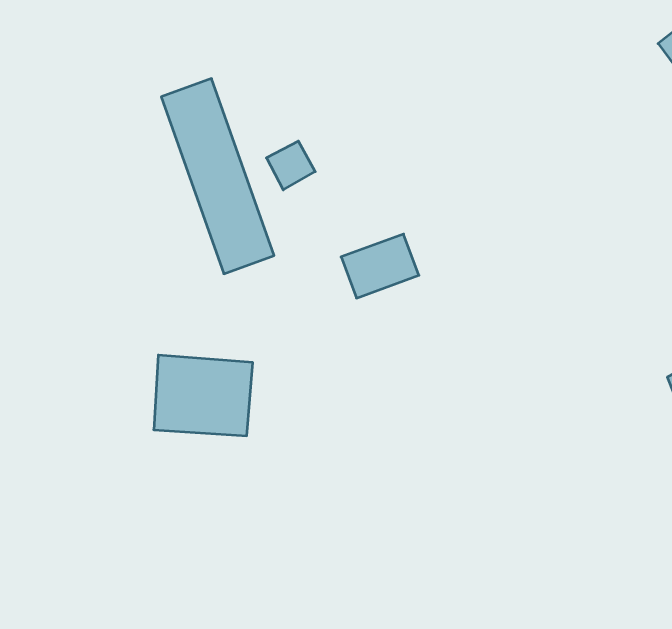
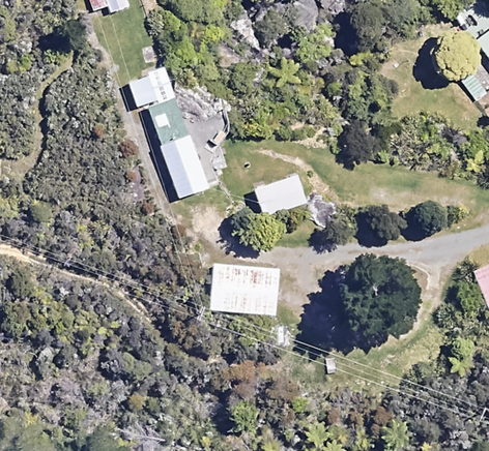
building: [154,355,253,436] -> [212,259,280,313]

